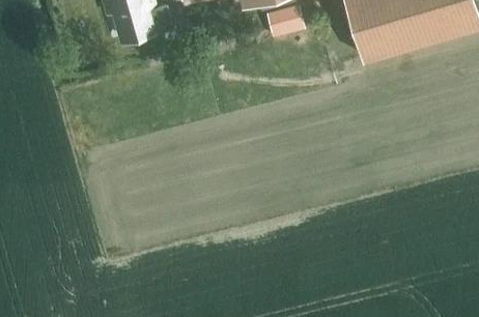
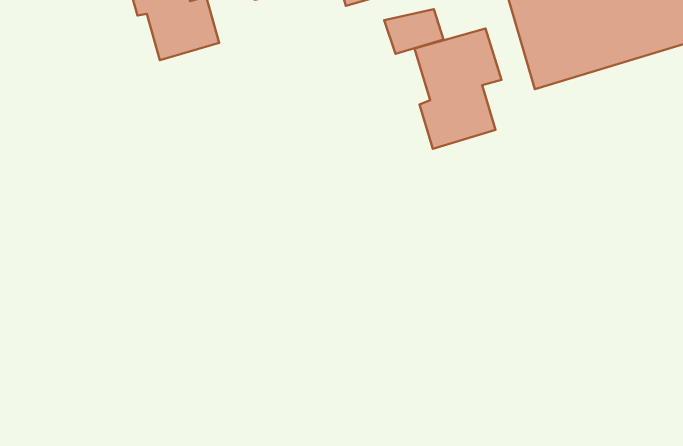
building: none -> [415,28,501,149]

